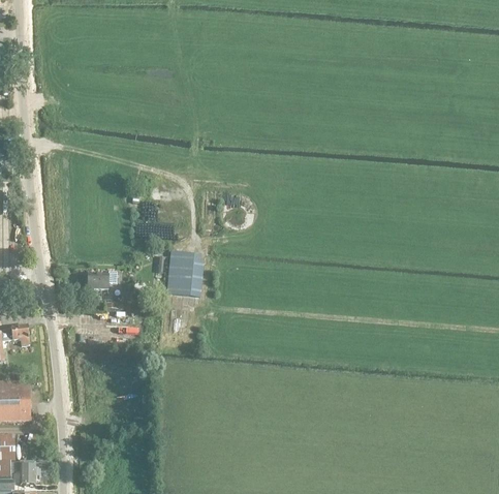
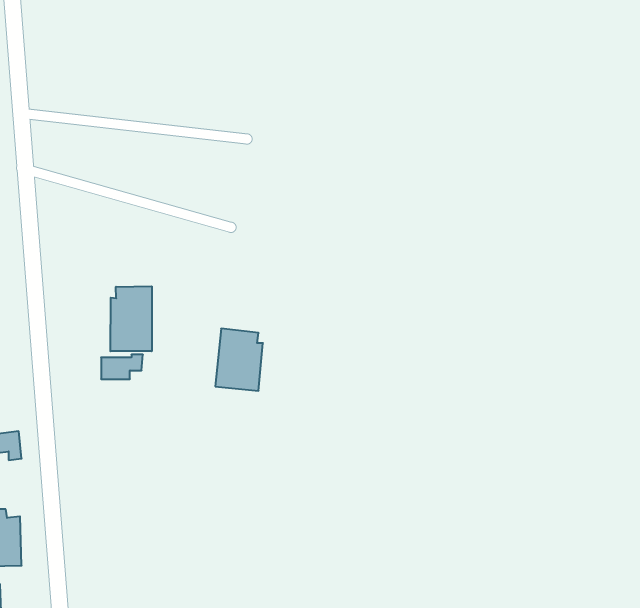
building: none -> [110,286,152,351]

